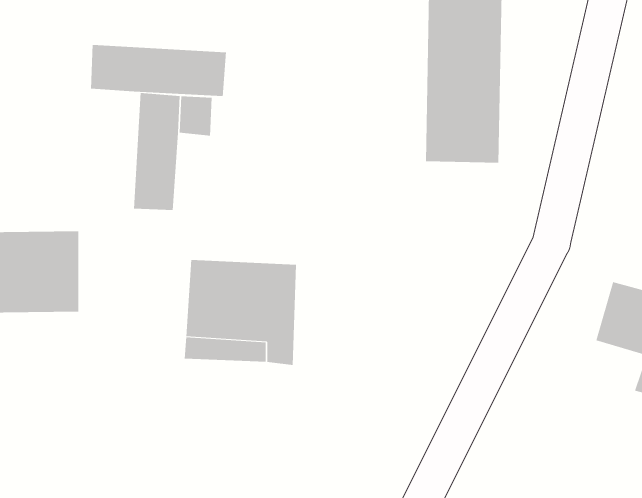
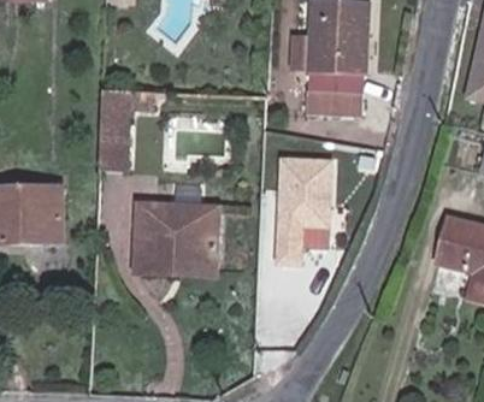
building: [91,44,227,97] -> none
building: none -> [272,155,338,262]

